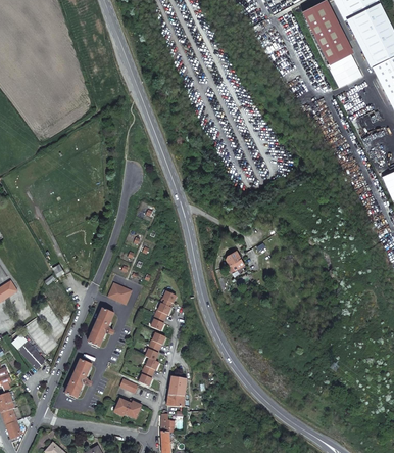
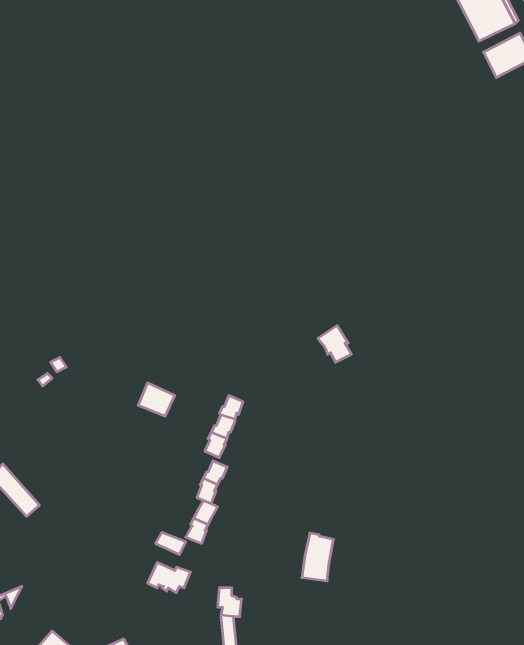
building: [87,308,113,347] -> none
building: [65,359,91,397] -> none
building: [166,376,187,407] -> [302,533,334,581]

